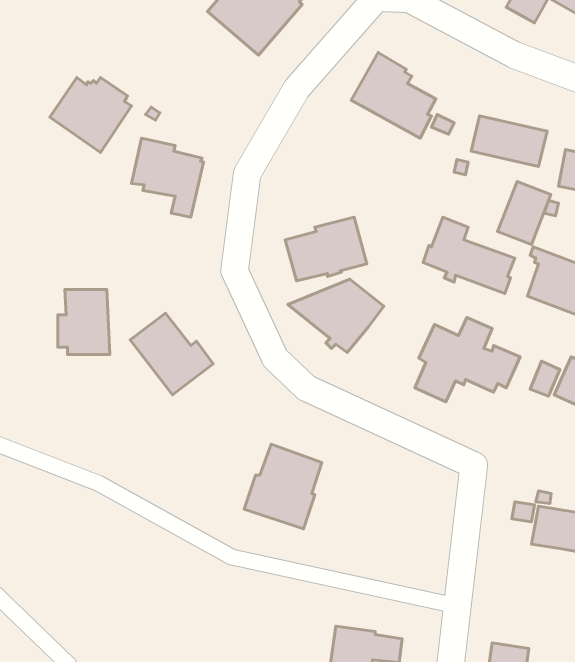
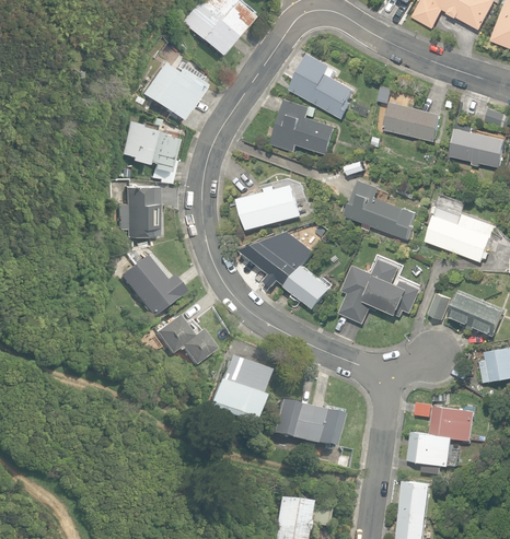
building: [50,78,132,152] -> [139,61,202,119]
building: none -> [270,99,335,154]
building: [498,182,551,244] -> none
building: [58,290,110,354] -> [117,185,158,235]
building: none -> [286,266,329,308]
building: none -> [153,316,213,365]
building: none -> [270,400,339,449]
building: none -> [406,431,451,474]
building: none -> [398,479,431,515]

